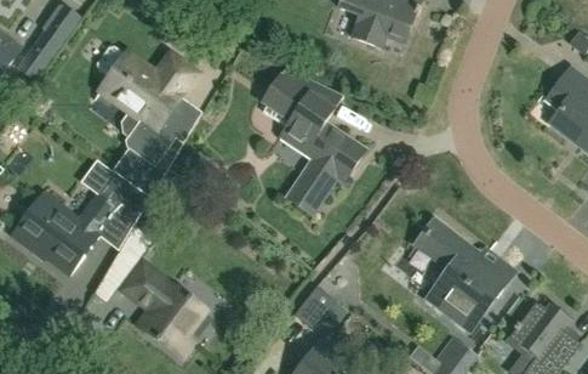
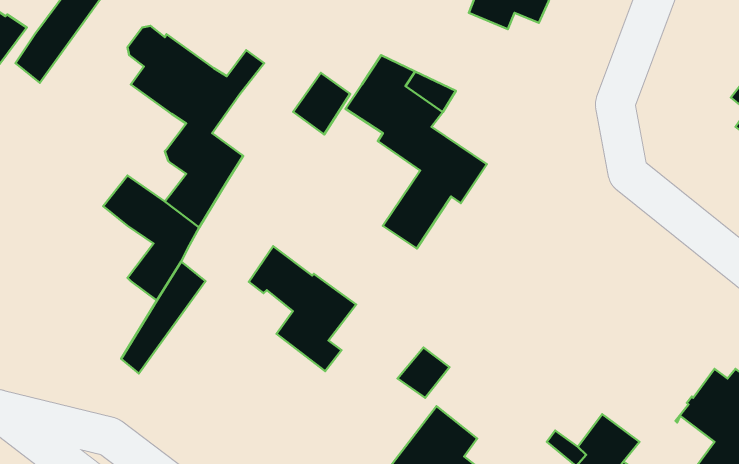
building: [159,97,201,143] -> [293,73,350,134]
building: [11,194,115,276] -> none
building: [416,220,510,330] -> none
building: [125,264,205,357] -> [249,246,356,371]

